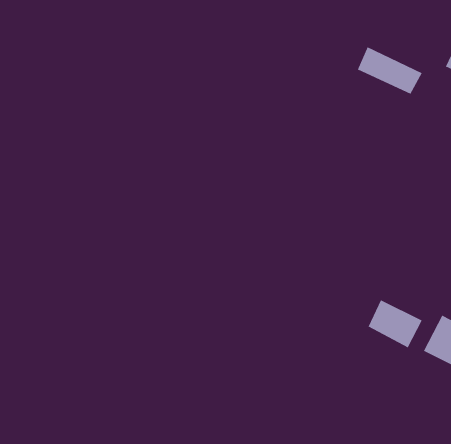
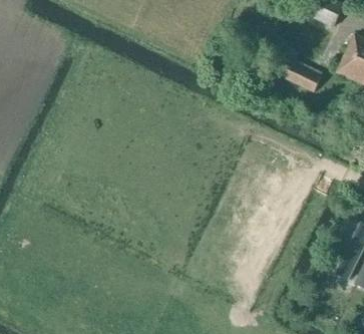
building: [367,299,423,348] -> none

